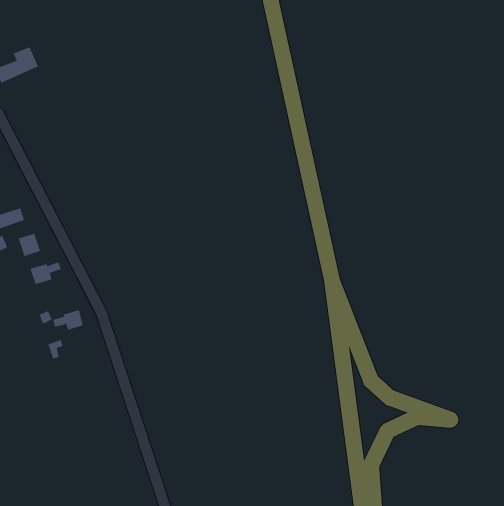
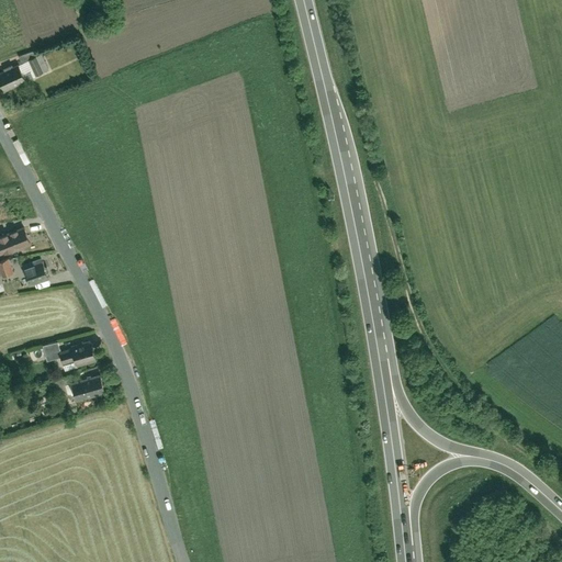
building: [30,262,62,285] -> none
building: none -> [72,374,104,402]

